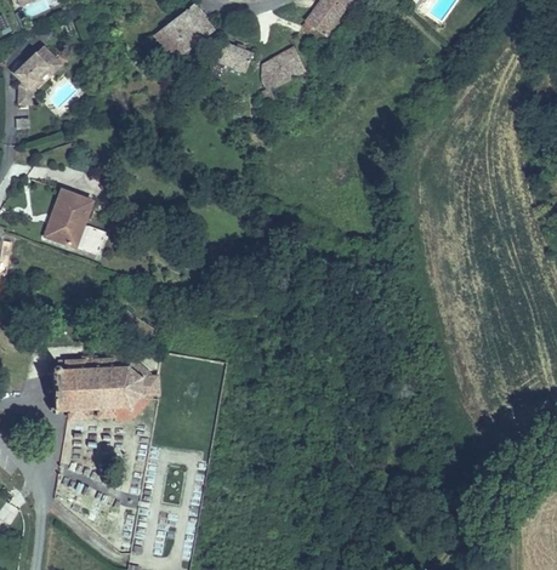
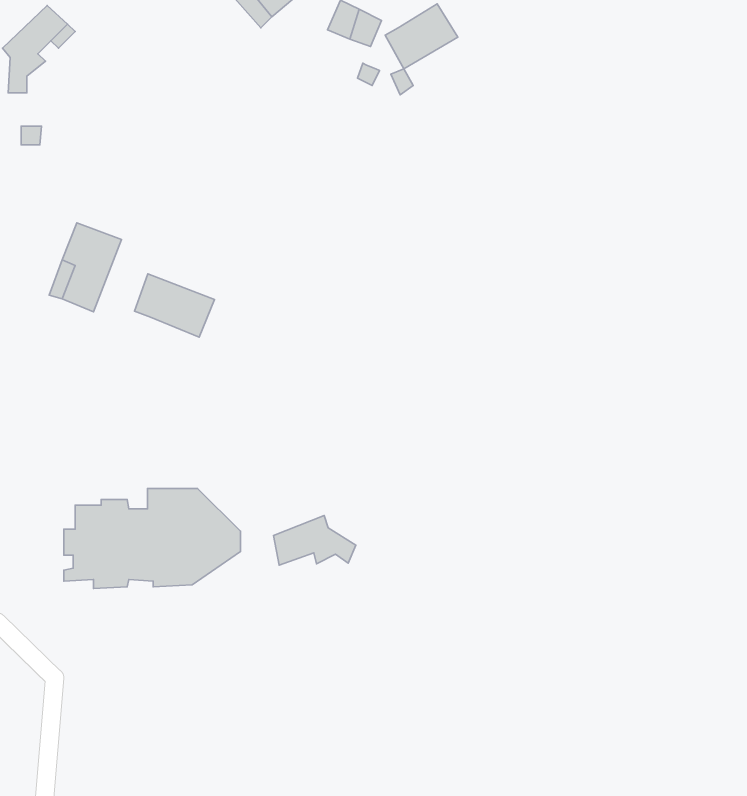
building: none -> [134,274,215,337]
building: none -> [274,515,356,565]

